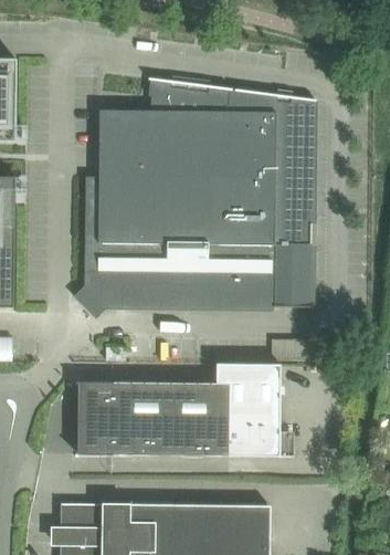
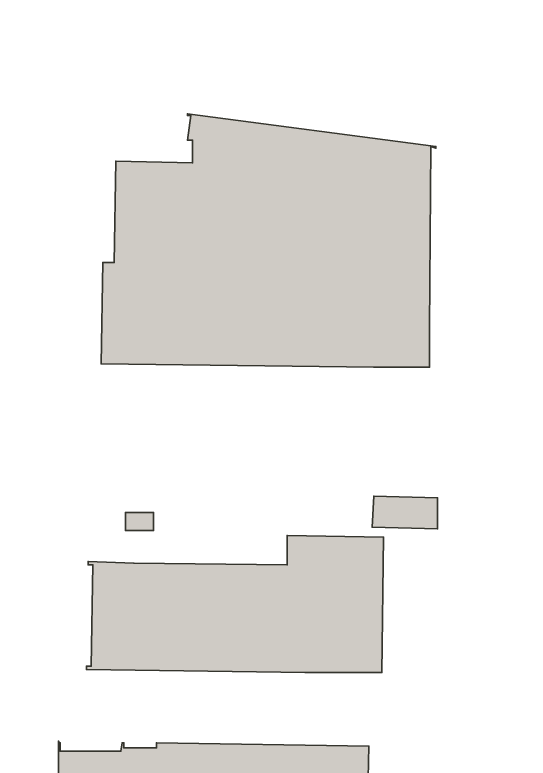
building: [81,248,314,312] -> none

